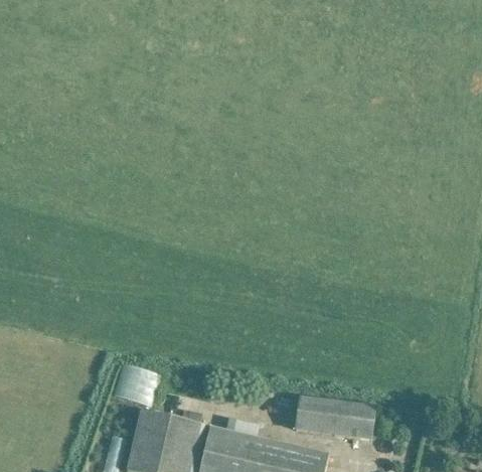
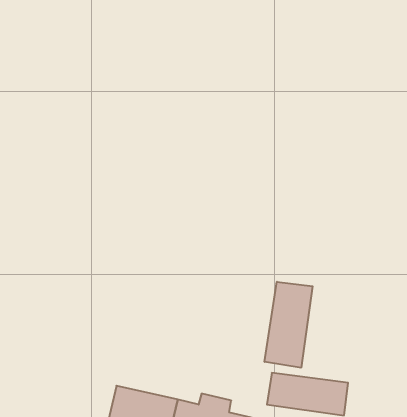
building: none -> [265,282,313,368]

